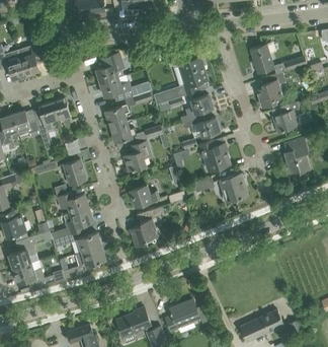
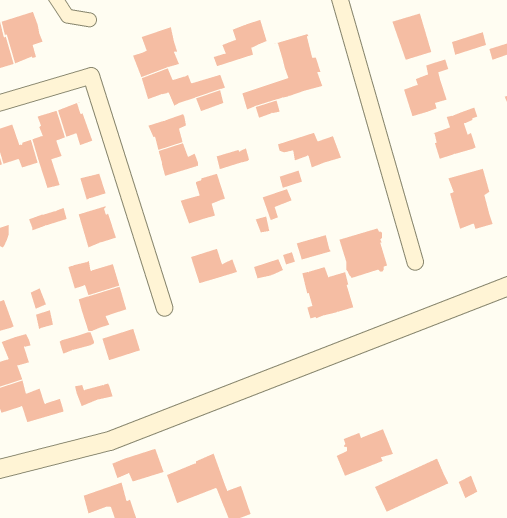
building: [179,94,212,123] -> [213,19,268,67]
building: [198,140,230,171] -> [301,266,354,319]
building: [130,207,160,247] -> none
building: [74,246,105,266] -> [112,448,164,482]
building: [165,302,199,331] -> [336,429,394,476]

